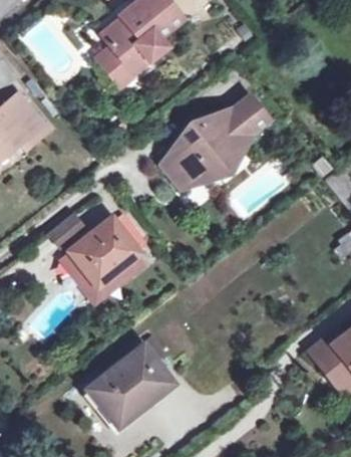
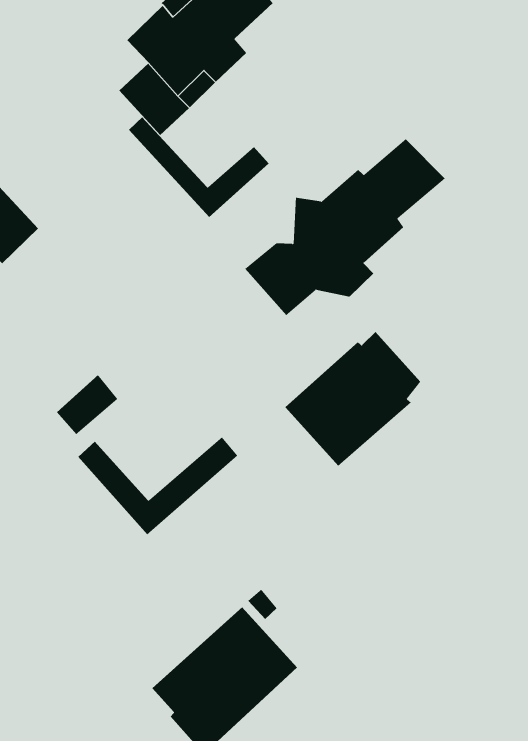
building: none -> [128,116,269,218]
building: [70,213,145,285] -> [284,331,421,466]

